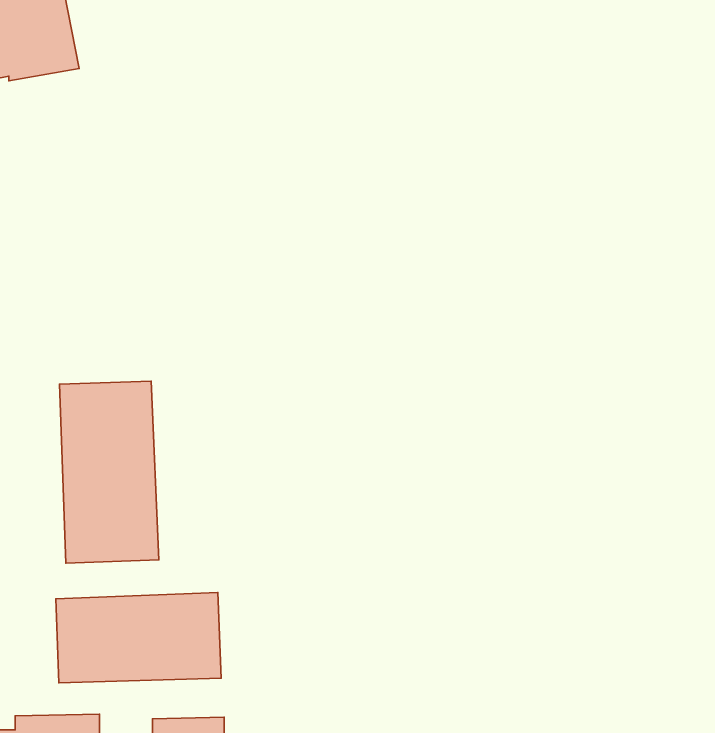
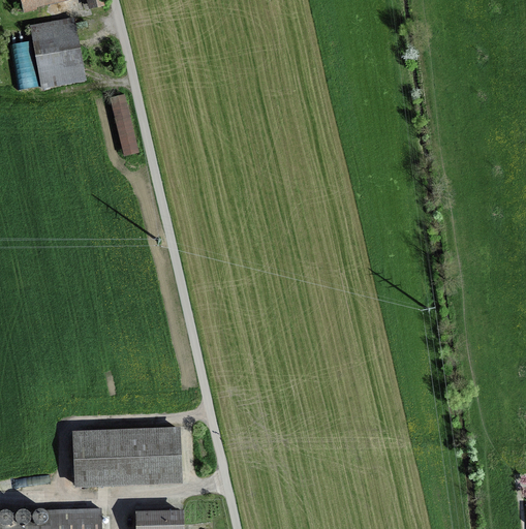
building: none -> [110,92,138,155]
building: [60,381,159,563] -> none

